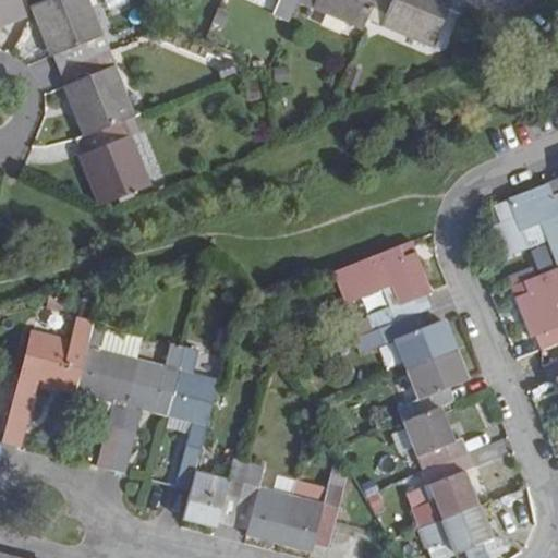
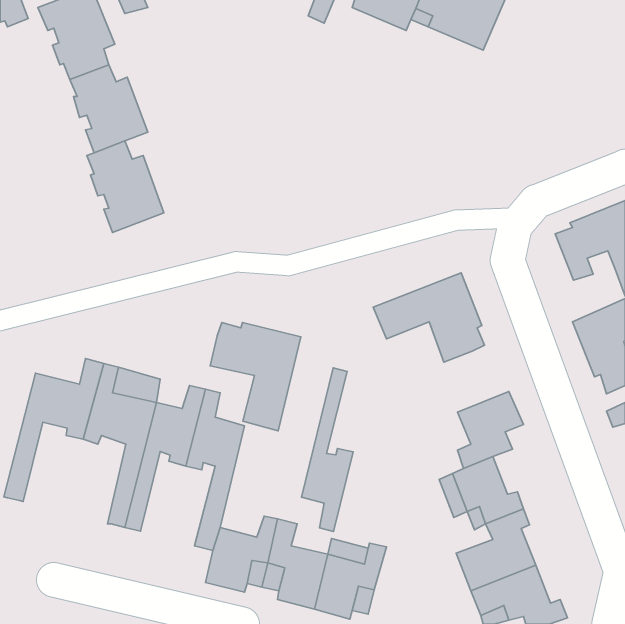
building: none -> [210,323,301,431]
building: [355,313,453,367] -> none
building: none -> [301,368,353,532]

